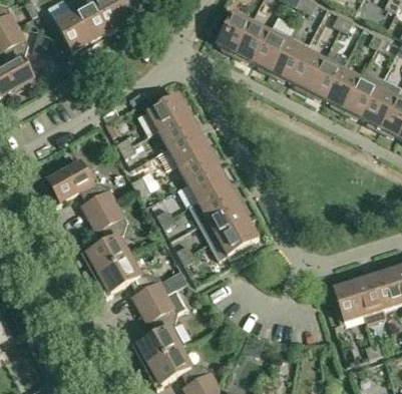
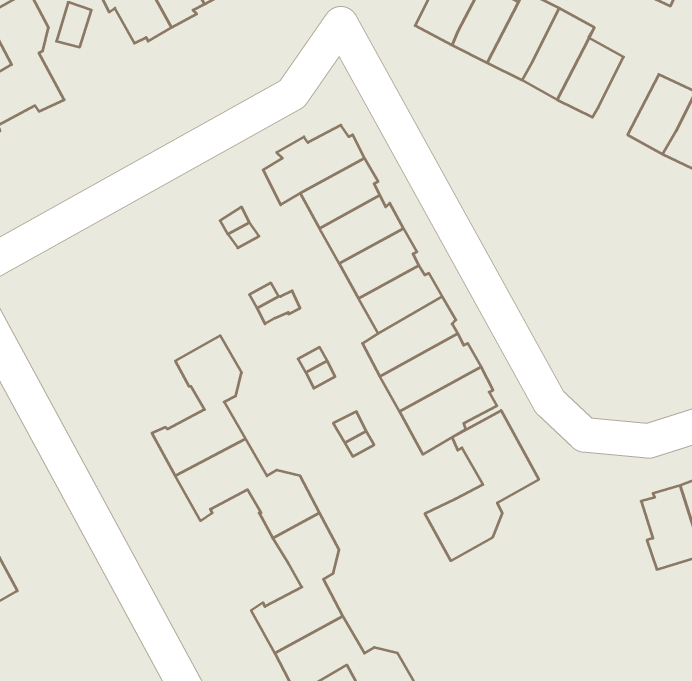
building: [308,58,342,98] -> none
building: [41,157,116,215] -> none
building: none -> [425,410,539,561]

